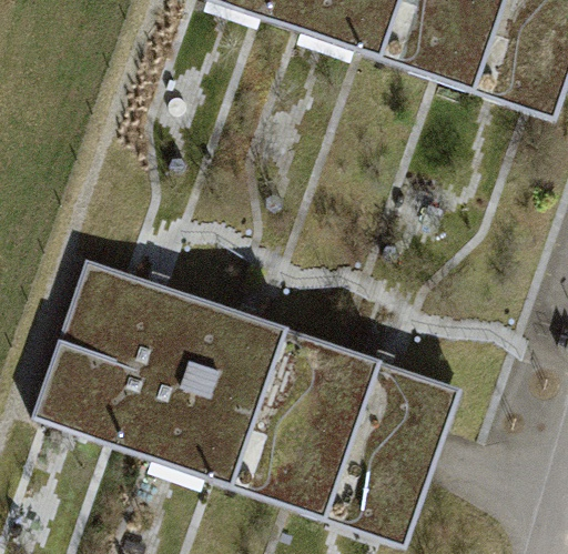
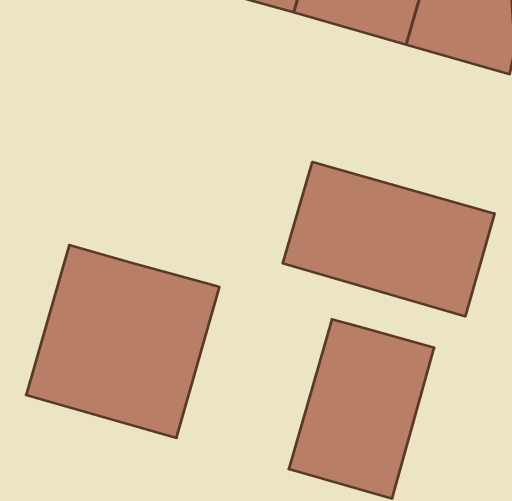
building: none -> [283,162,494,316]
building: [186,313,354,505] -> none

